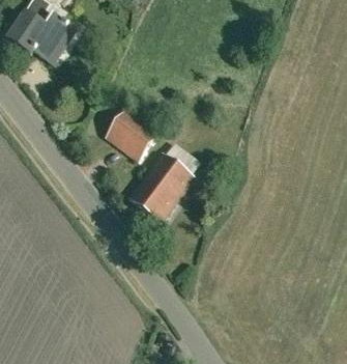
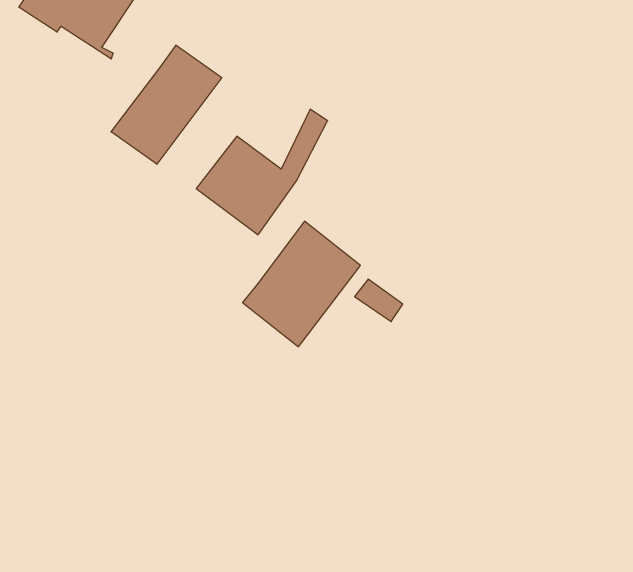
building: none -> [111,45,222,164]

